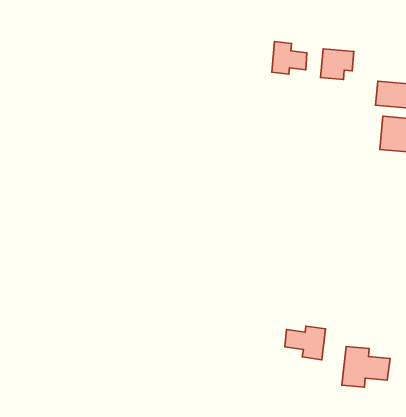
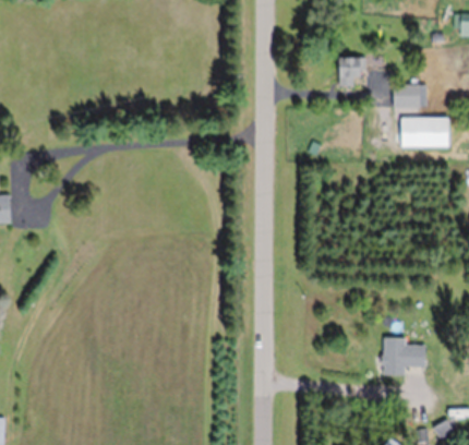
building: [272,42,307,74] -> none
building: [285,326,325,360] -> none

